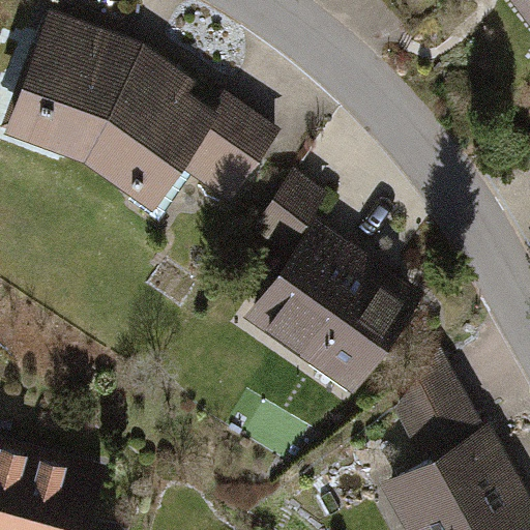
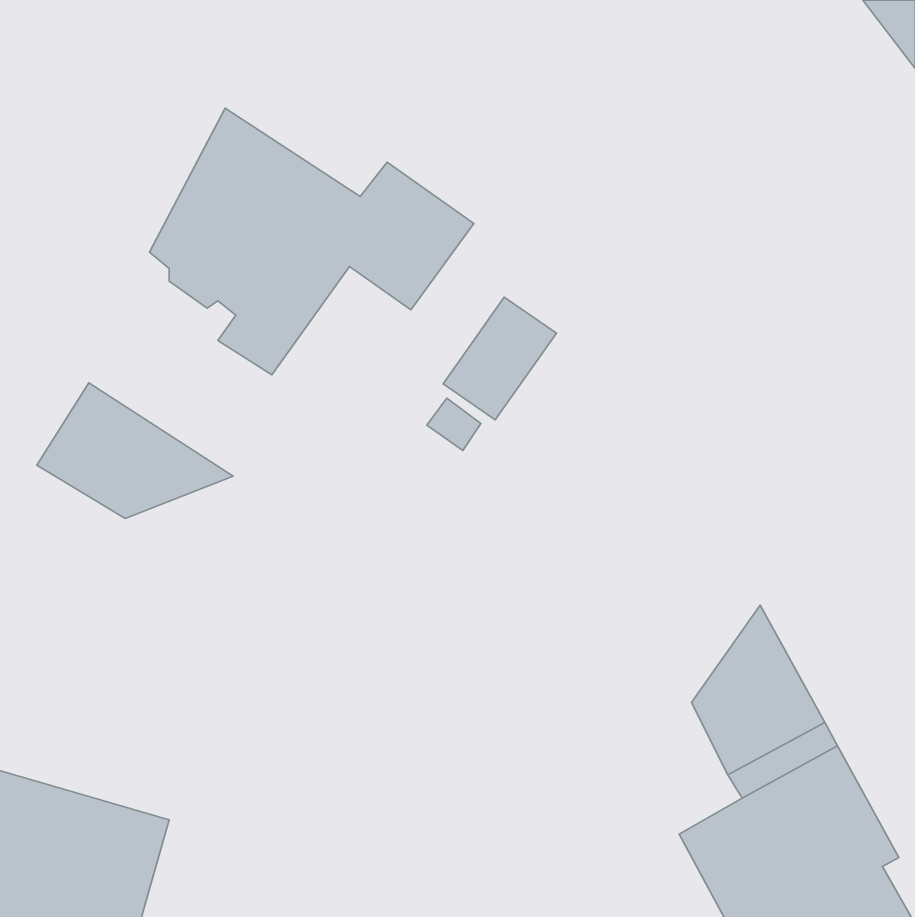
building: [20,13,129,147] -> none
building: none -> [37,383,233,519]
building: [253,226,405,369] -> none

